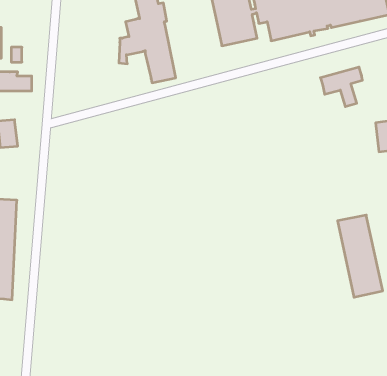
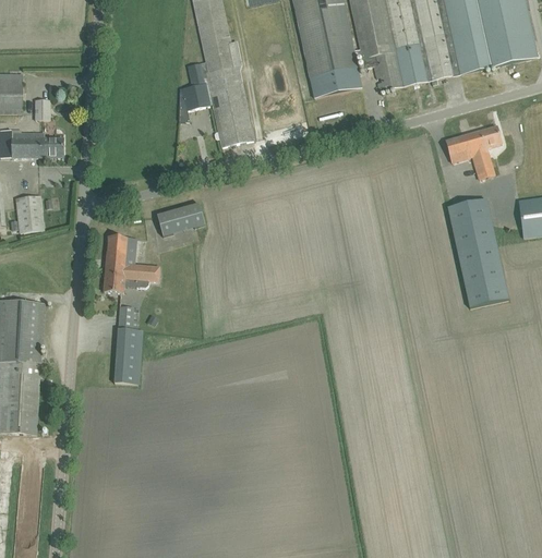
building: none -> [156,203,205,236]
building: none -> [104,235,159,292]
building: none -> [113,305,142,384]
building: [338,215,383,297] -> [447,198,507,307]

